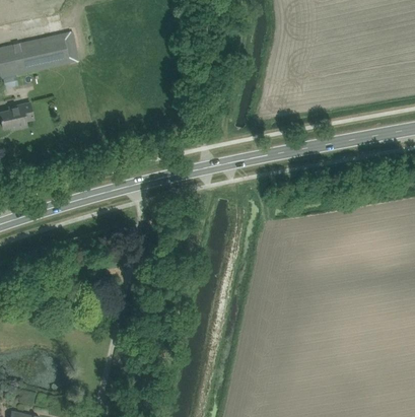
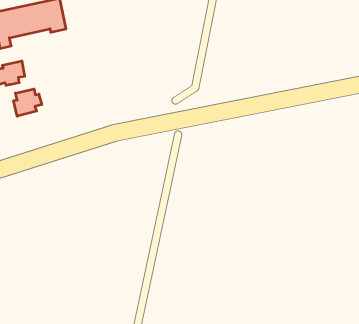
building: none -> [14,89,42,116]

